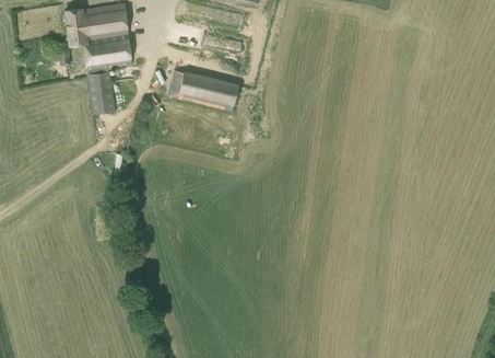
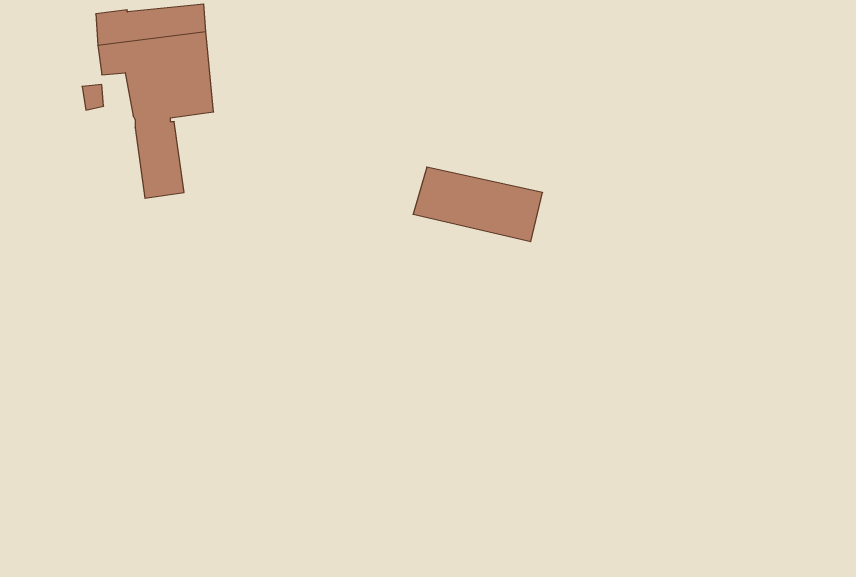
building: [166,69,238,111] -> [413,167,543,242]

